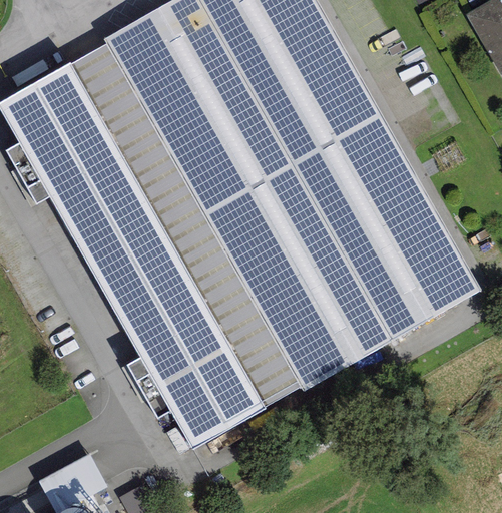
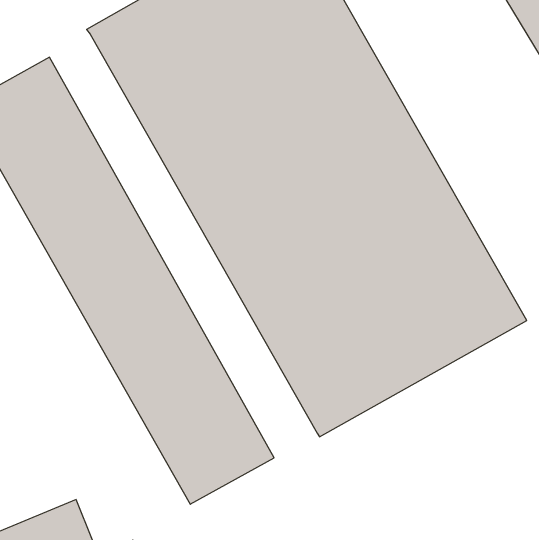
building: [70,44,301,409] -> none

